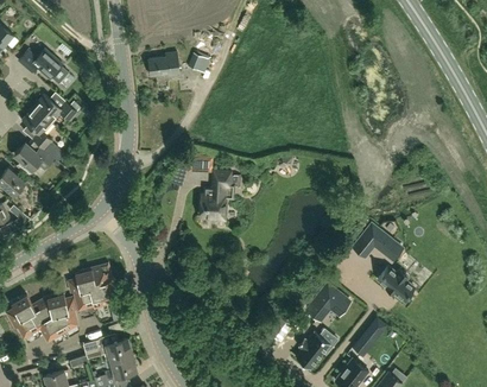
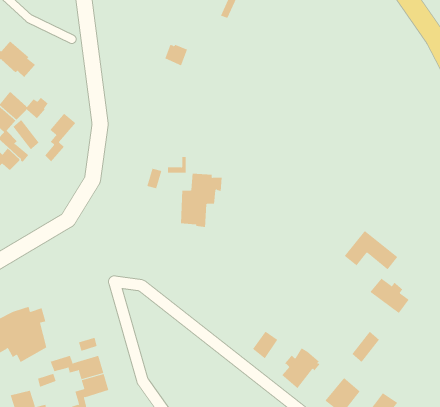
building: [147,53,179,75] -> none
building: none -> [45,113,76,162]
building: [65,265,112,309] -> none
building: [305,284,349,321] -> none

